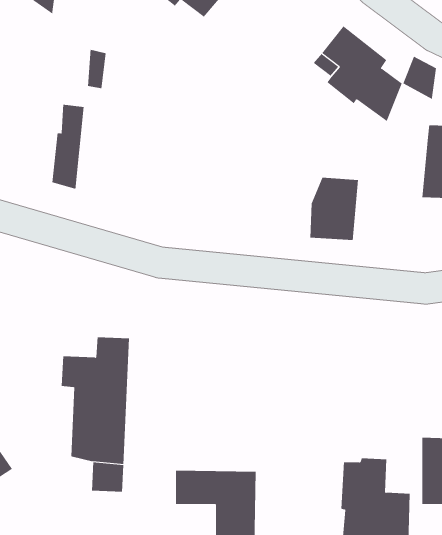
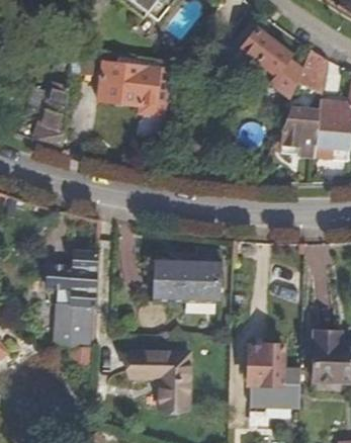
building: none -> [94,60,168,117]
building: [309,177,359,241] -> [280,106,317,153]
building: none -> [156,259,223,300]

